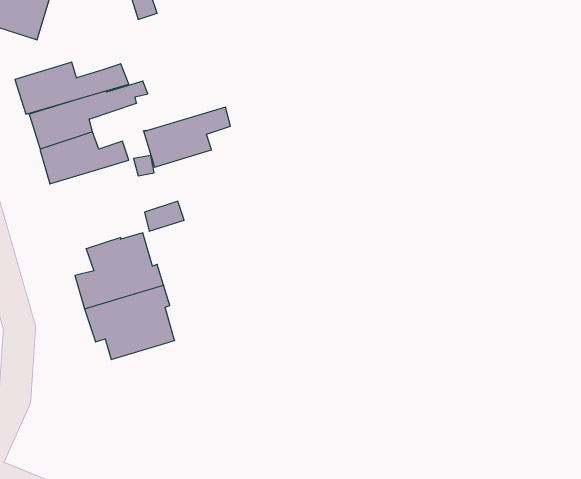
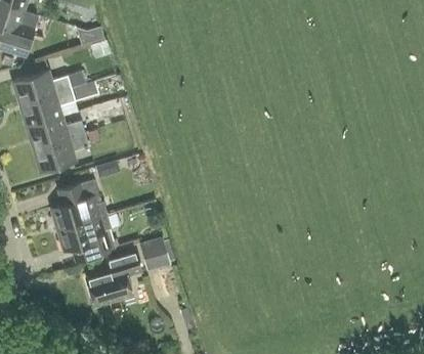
building: [143,107,230,167] -> [33,133,89,172]
building: none -> [139,236,171,271]
building: none -> [86,250,142,306]

